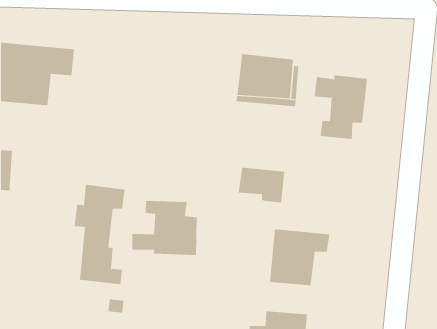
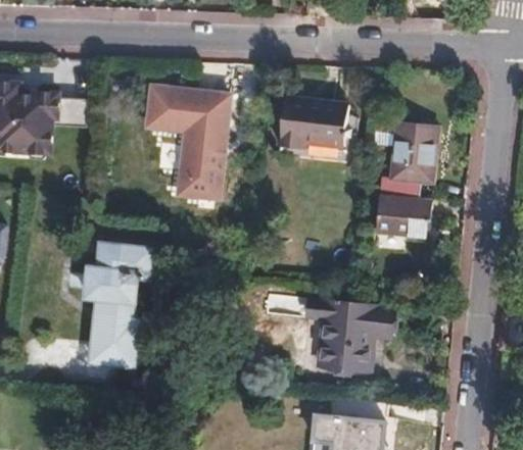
building: none -> [148,88,228,196]
building: [238,167,285,203] -> [376,195,432,238]
building: [132,200,197,256] -> none

